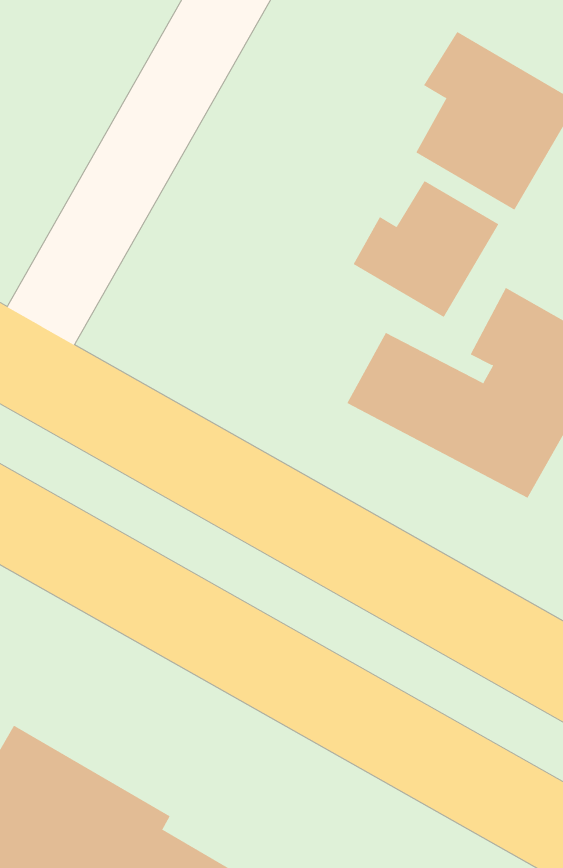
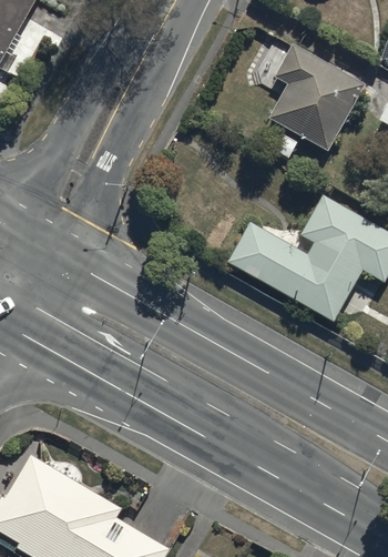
building: [353,180,499,318] -> none

